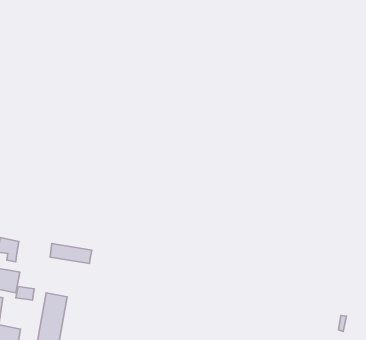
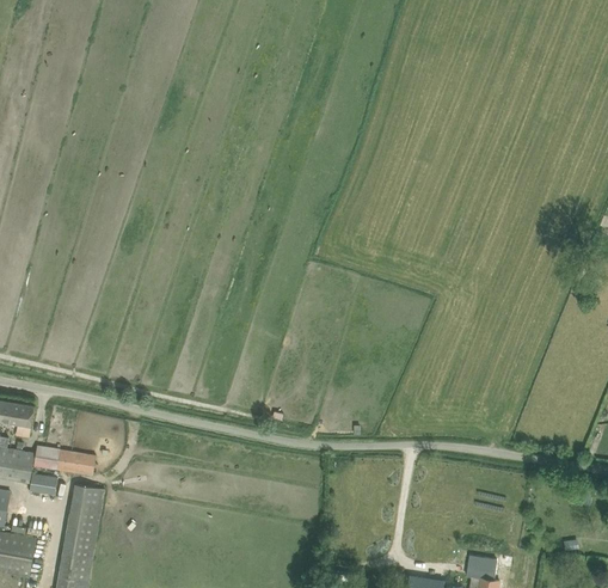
building: [50,244,92,264] -> [33,446,96,476]

